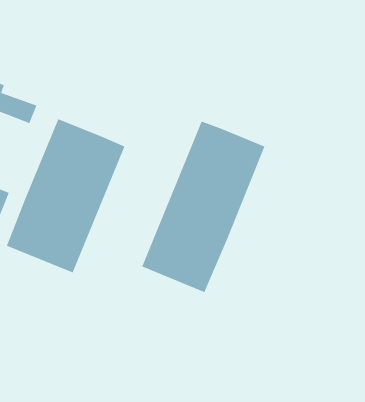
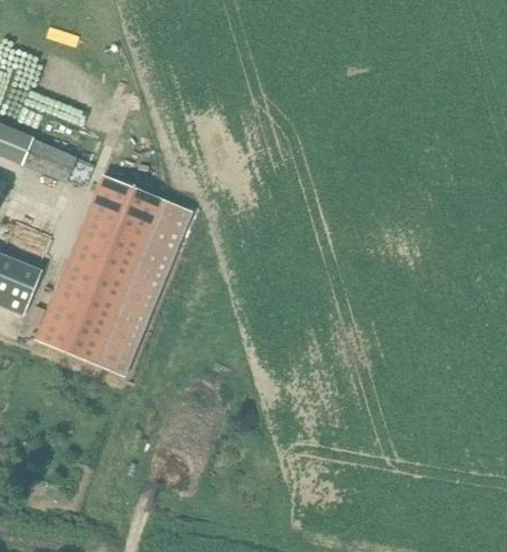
building: [141,120,266,293] -> none

